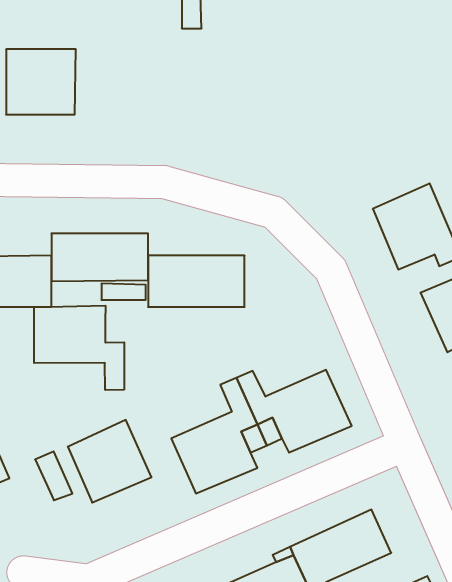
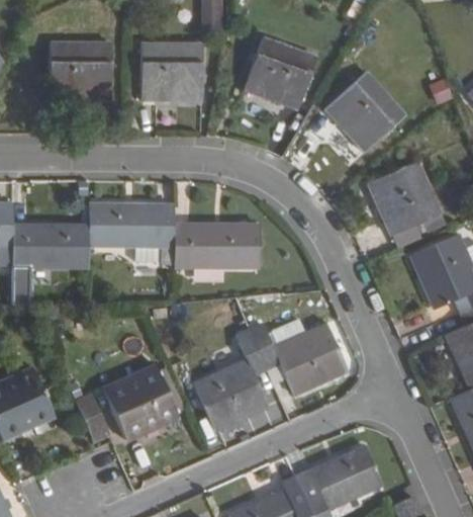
building: none -> [245,39,316,109]
building: none -> [141,45,203,101]
building: none -> [317,76,394,152]
building: [34,306,124,390] -> none

